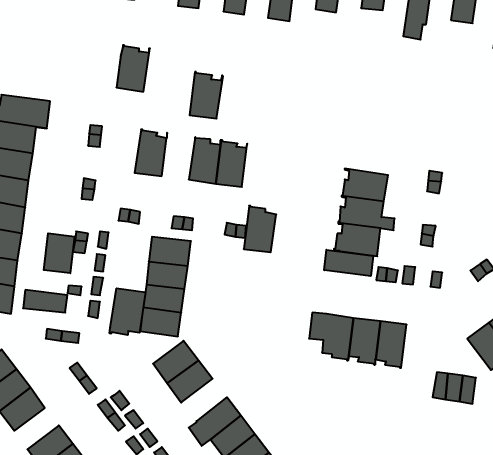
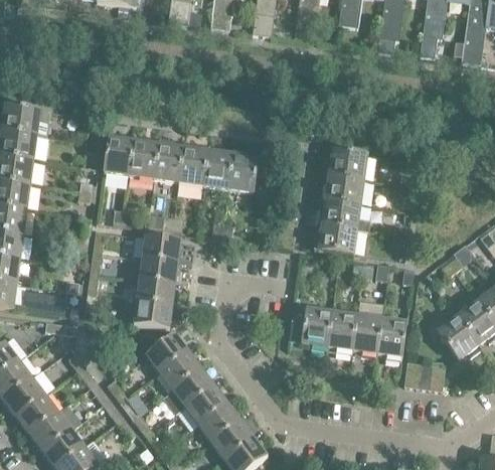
building: [116,45,150,92] -> [103,133,134,176]
building: [190,72,223,119] -> [153,139,184,182]
building: none -> [323,149,366,178]
building: [244,206,276,252] -> [227,149,258,192]
building: [44,233,75,273] -> none
building: [324,250,373,276] -> none
building: [110,288,145,335] -> none
building: none -> [375,317,406,360]
building: none -> [171,367,213,407]
building: none -> [16,395,57,433]

